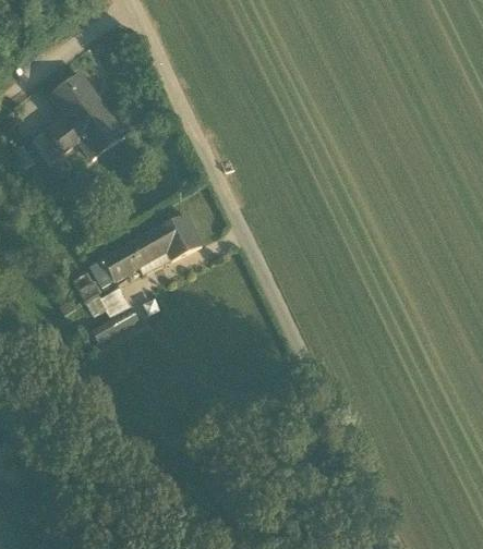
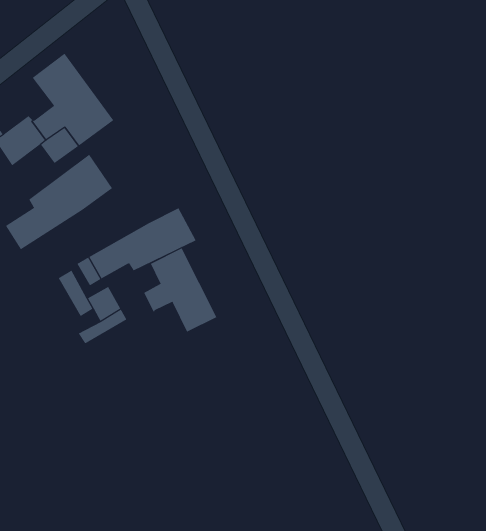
building: none -> [5,154,113,250]
building: none -> [144,247,217,332]

